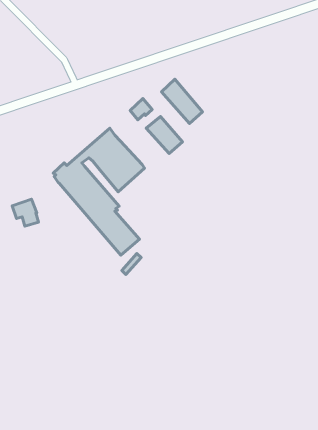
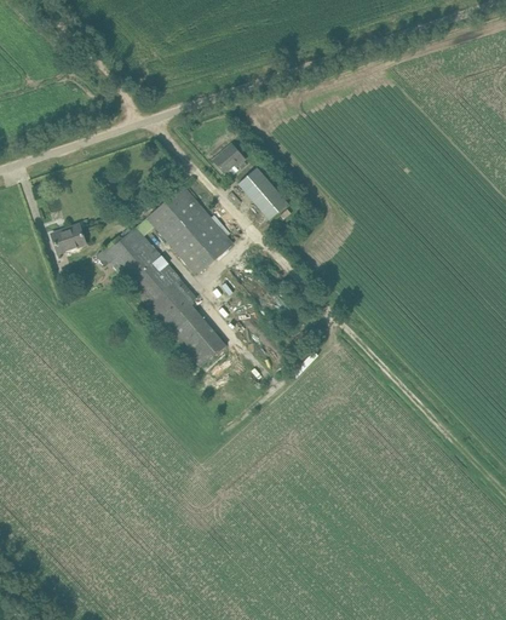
building: [161,79,203,123] -> none
building: [12,199,38,226] -> [50,223,87,262]

